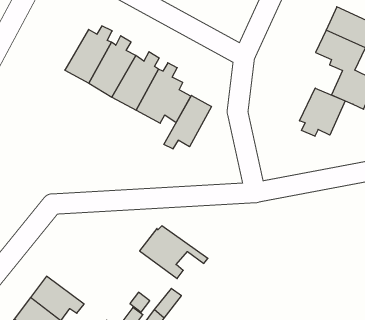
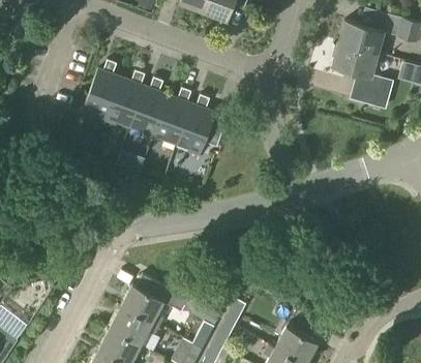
building: none -> [84,60,123,117]
building: [300,88,345,136] -> none
building: [164,95,211,149] -> none
building: [140,226,208,279] -> [121,280,184,326]

